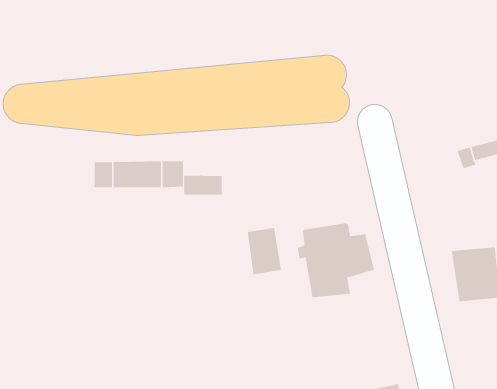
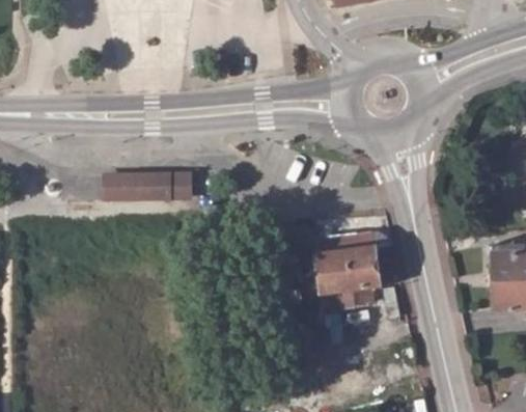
building: [184,175,222,196] -> none
building: [247,227,281,275] -> none

